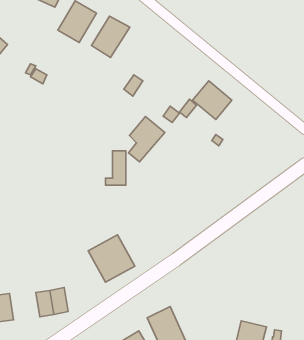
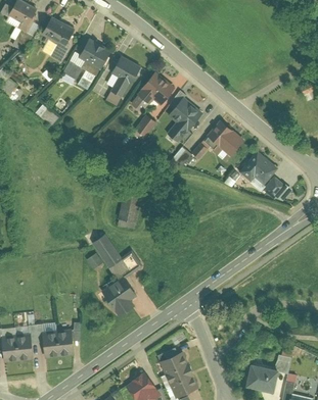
building: none -> [128,71,173,110]
building: none -> [237,150,281,198]
building: [128,116,165,162] -> [165,96,201,142]
building: none -> [92,231,129,269]
building: none -> [18,334,37,362]

